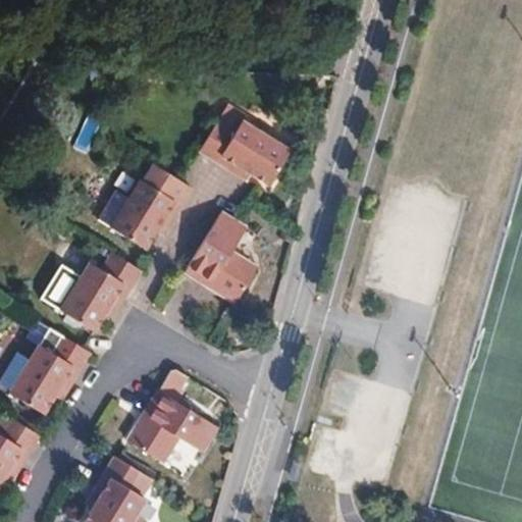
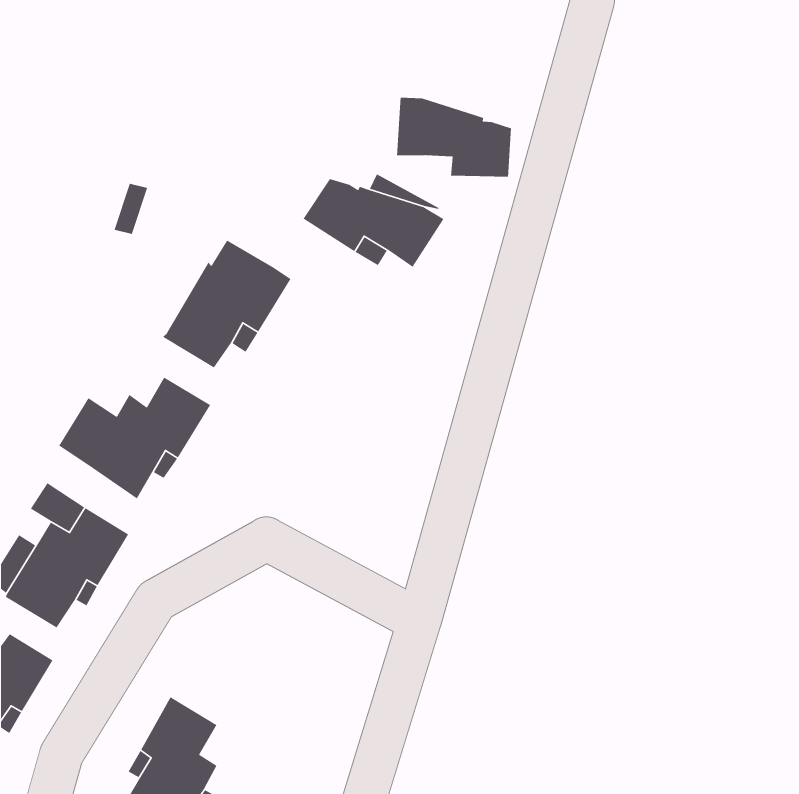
building: none -> [396,97,512,178]
building: [187,211,258,301] -> none
building: [129,393,219,464] -> none

